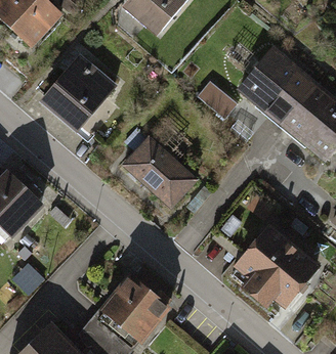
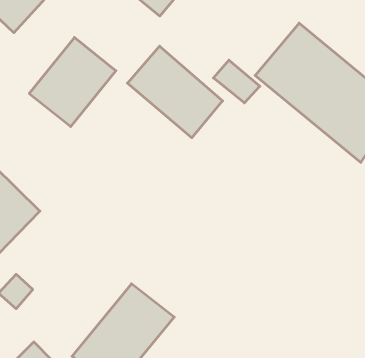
building: [120,134,202,213] -> [127,46,223,138]
building: [236,224,323,313] -> none

